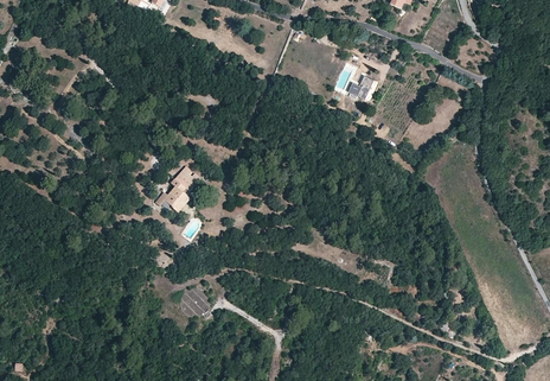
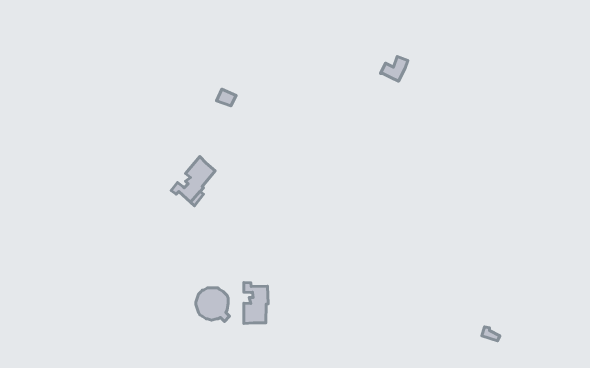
building: none -> [244,283,268,324]

